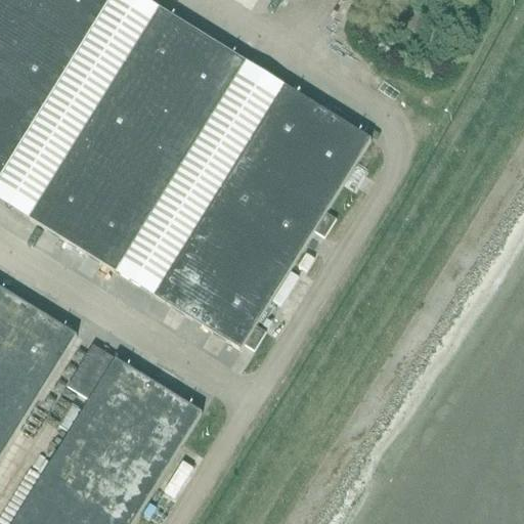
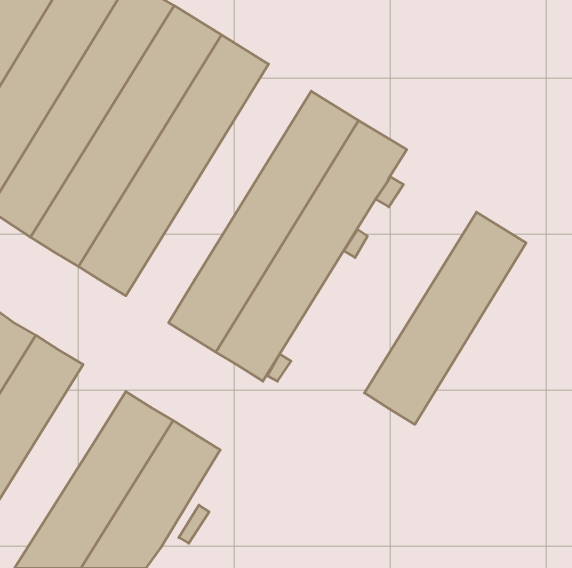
building: [115,58,283,294] -> none
building: none -> [364,212,526,424]
building: [66,343,115,399] -> none

